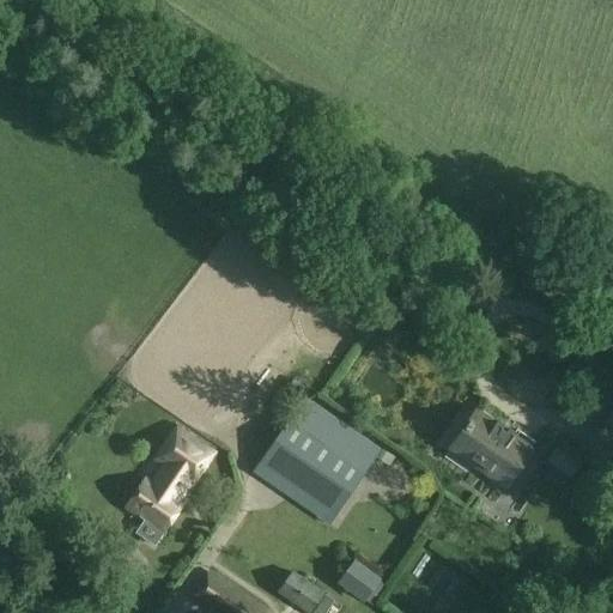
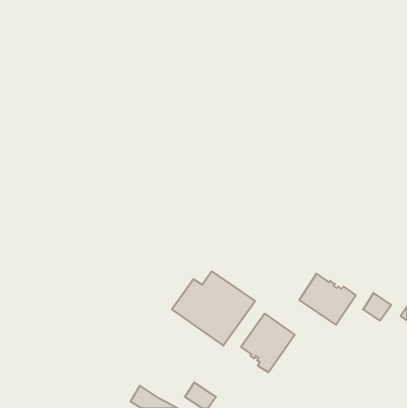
building: [126,437,207,533] -> none
building: none -> [241,314,295,372]
building: [335,558,381,603] -> none

